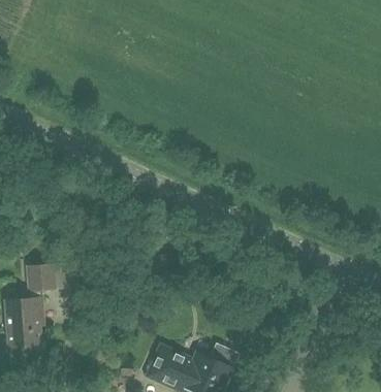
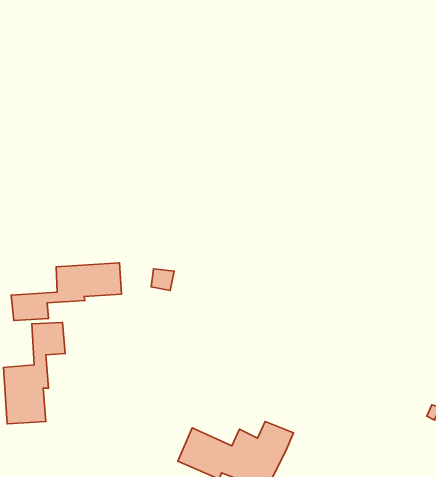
building: none -> [11,263,121,320]

